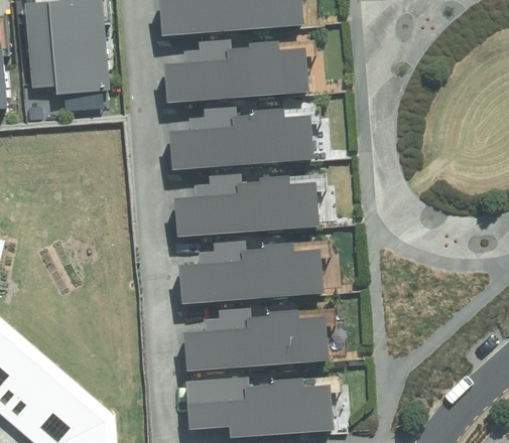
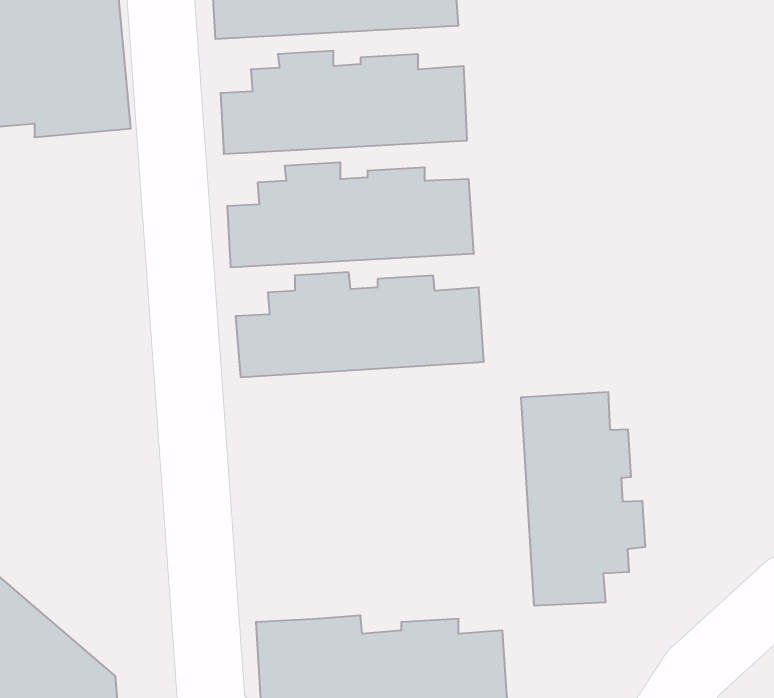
building: [178,242,327,304] -> none
building: none -> [521,392,645,606]
building: [185,308,333,371] -> none

